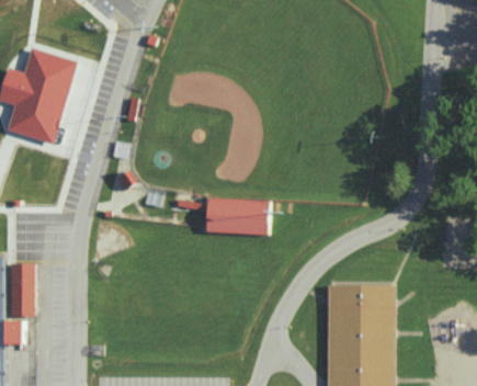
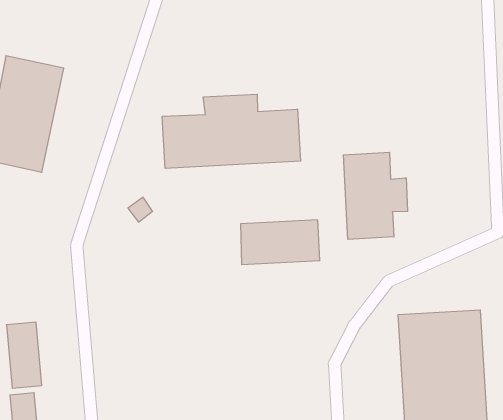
building: none -> [162,94,300,168]
building: none -> [343,152,408,239]

